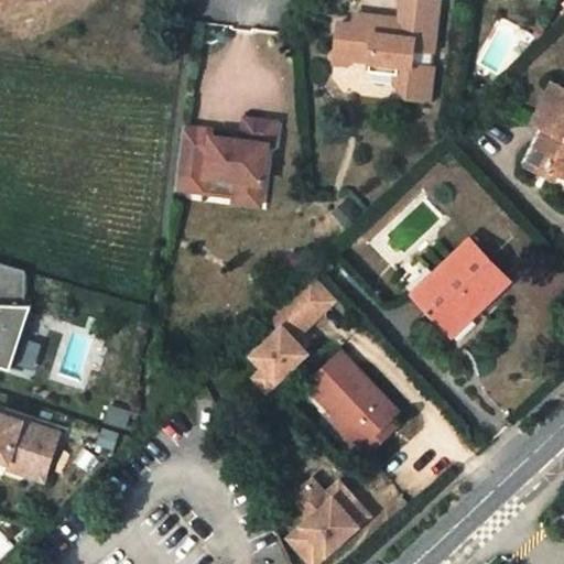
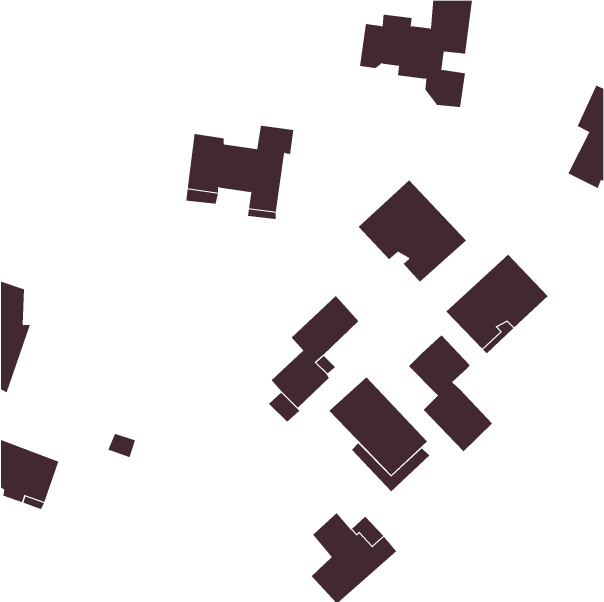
building: none -> [358,179,467,283]
building: none -> [408,335,493,452]

